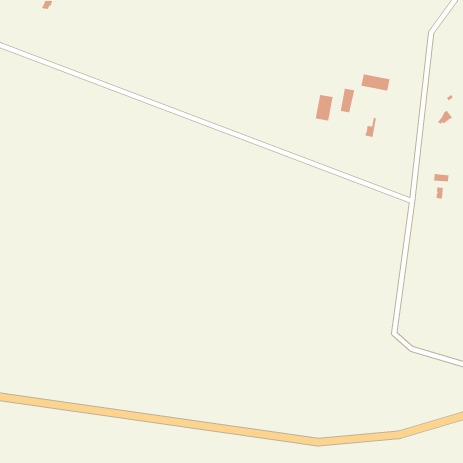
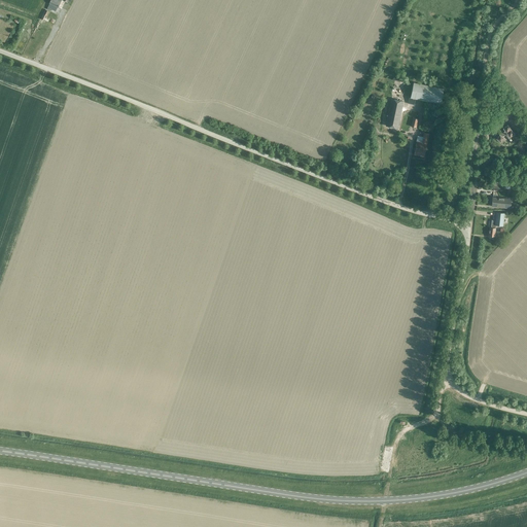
building: [315,94,334,121] -> none

